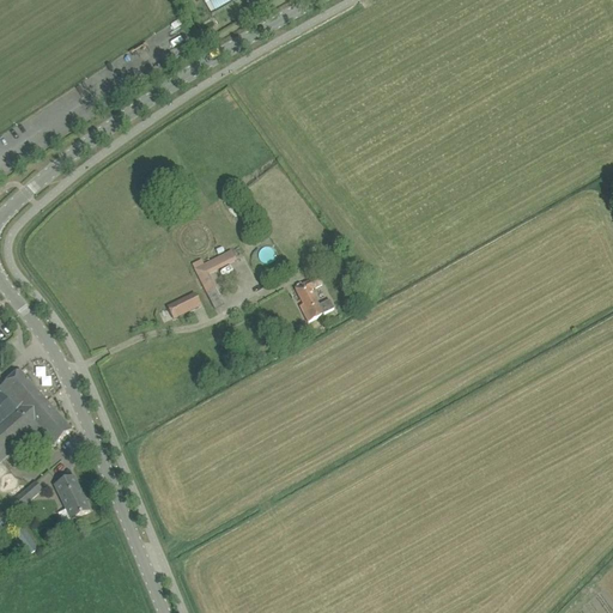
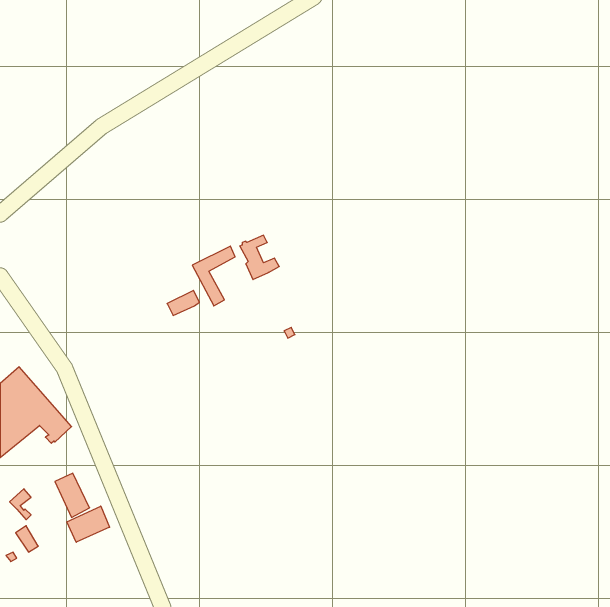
building: [295,275,334,320] -> [240,235,279,280]
building: none -> [67,506,110,542]

